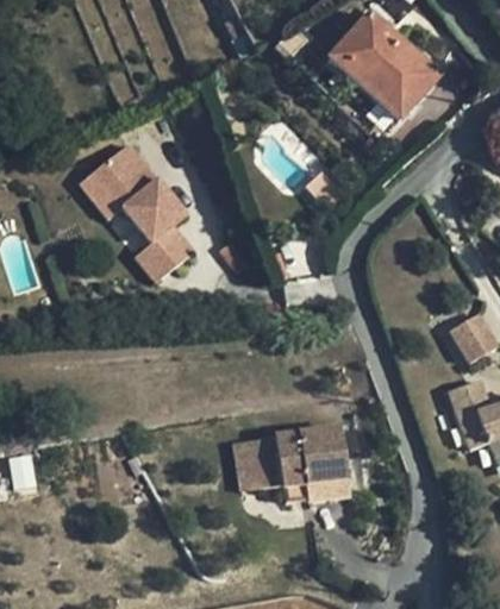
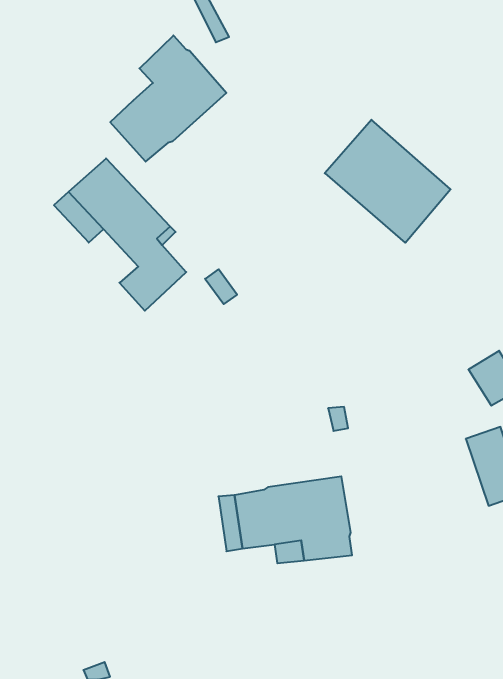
building: [324,12,436,121] -> [325,120,451,243]
building: none -> [110,35,226,162]

